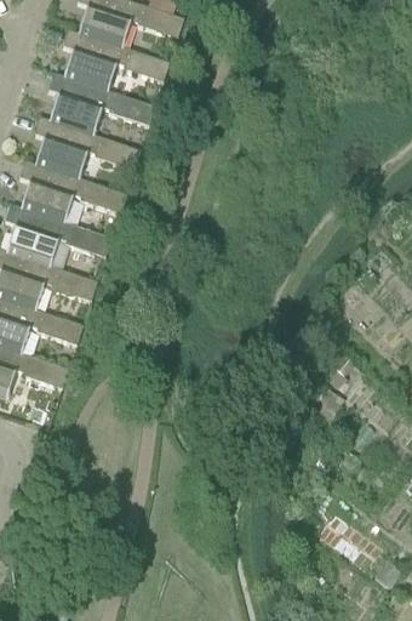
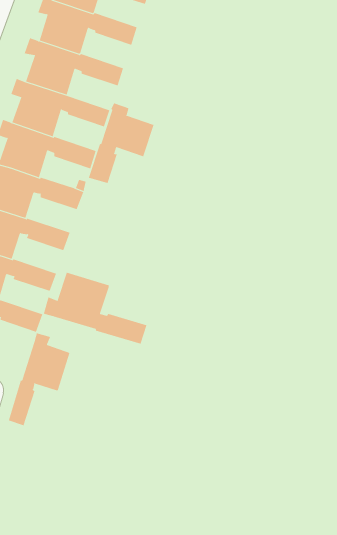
building: none -> [88,103,155,184]
building: none -> [43,272,147,344]
building: none -> [8,332,70,426]

